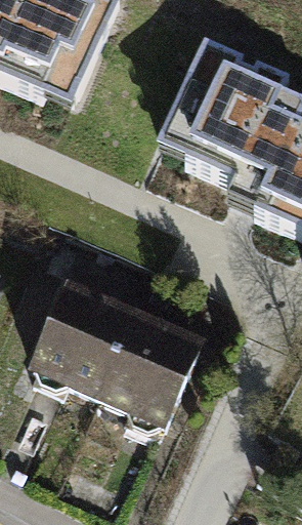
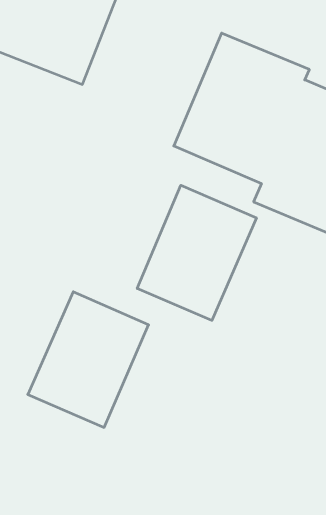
building: none -> [137,185,256,320]
building: [97,312,203,433] -> none

